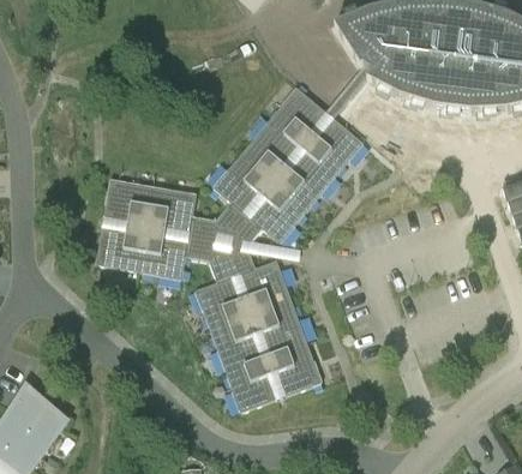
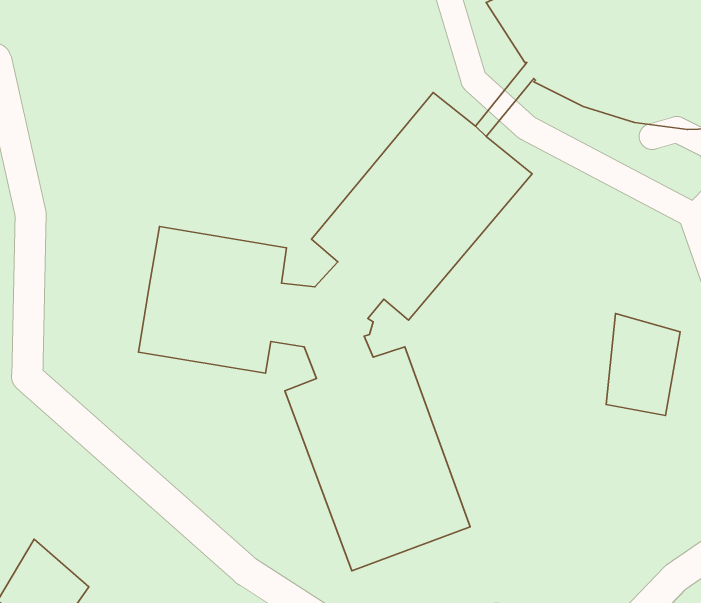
building: none -> [606,313,680,416]

